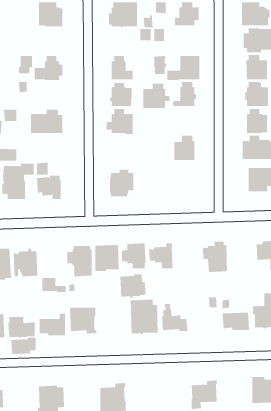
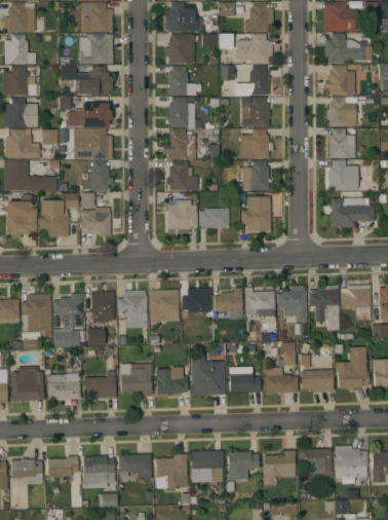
building: none -> [79,33,113,64]
building: none -> [164,34,194,64]
building: none -> [236,34,272,64]
building: none -> [67,98,109,127]
building: [142,83,170,108] -> [240,128,273,158]
building: none -> [89,160,112,190]
building: none -> [166,160,202,190]
building: none -> [240,196,270,231]
building: none -> [198,209,228,227]
building: none -> [308,284,339,330]
building: none -> [243,287,274,320]
building: none -> [90,292,115,321]
building: [120,274,146,298] -> [155,367,187,396]
building: none -> [53,331,83,347]
building: none -> [264,369,297,394]
building: [10,337,37,354] -> [46,456,77,477]
building: none -> [298,449,332,480]
building: none -> [190,451,223,482]
building: none -> [227,451,258,480]
building: none -> [118,454,151,480]

